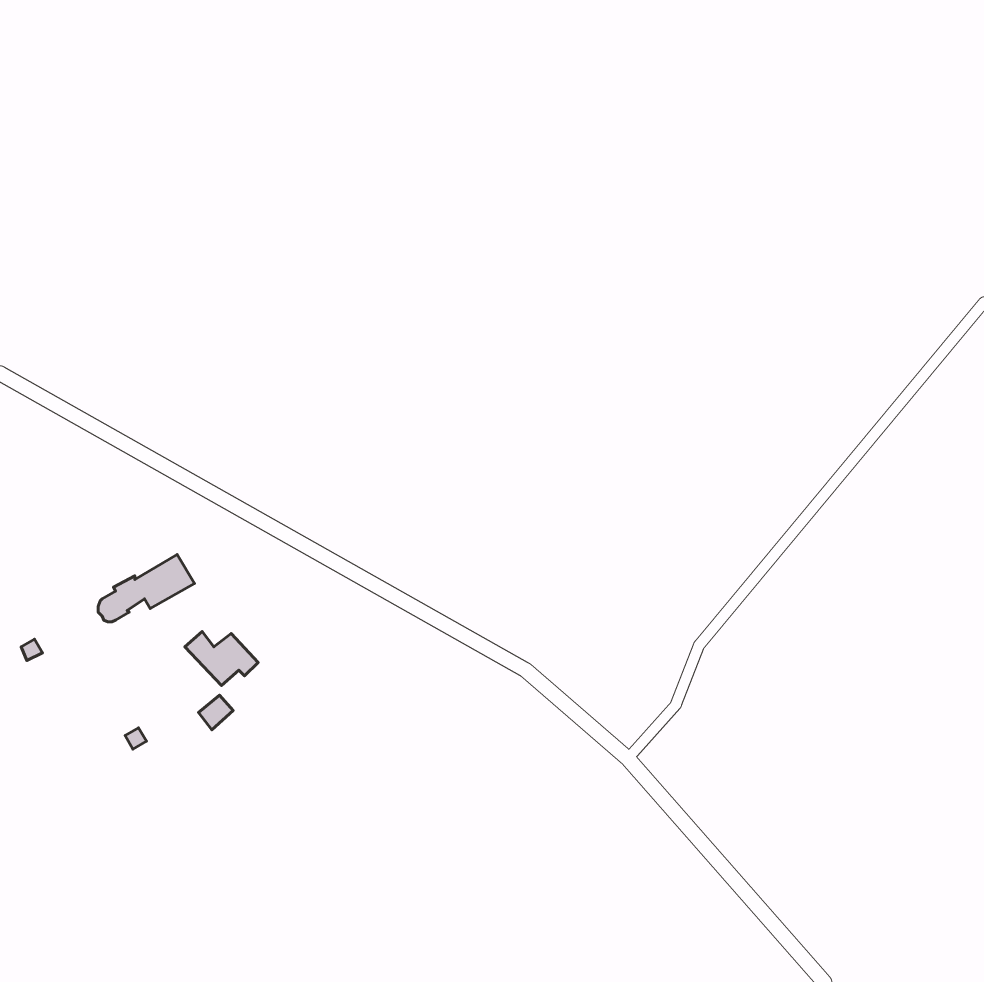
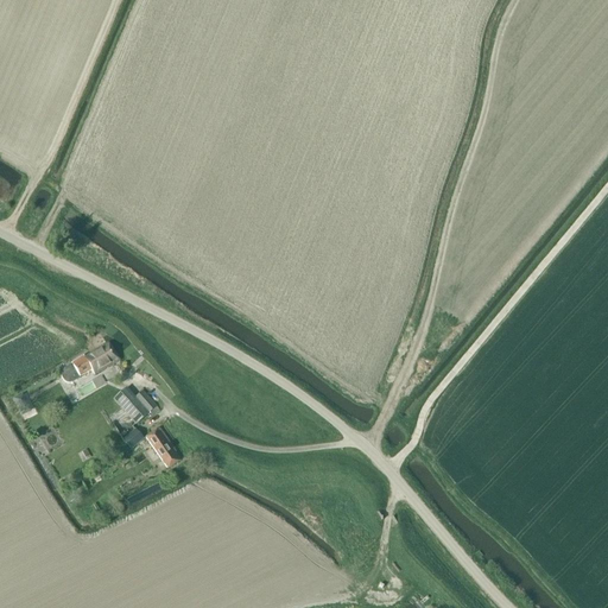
building: none -> [145,428,180,469]

